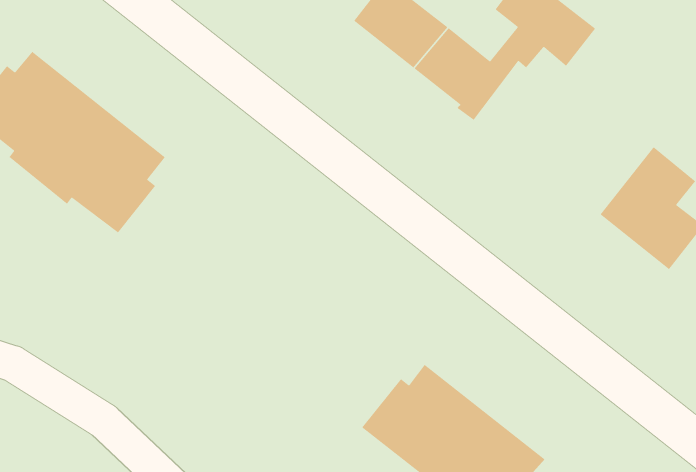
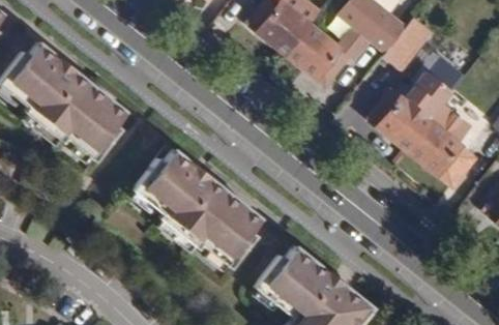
building: none -> [383,17,432,70]
building: none -> [369,69,453,148]
building: none -> [130,148,260,267]

